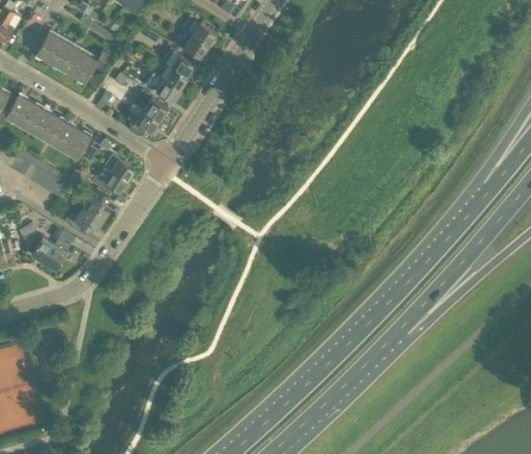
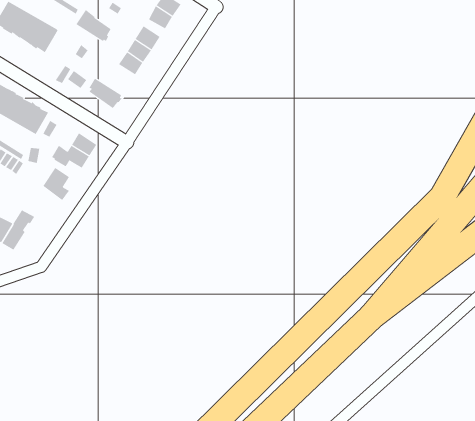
building: [133,89,168,120] -> [75,9,111,42]
building: [64,207,102,236] -> none

